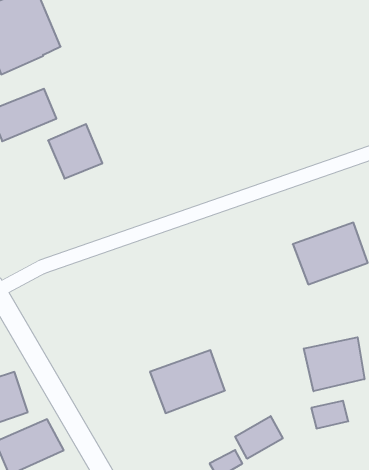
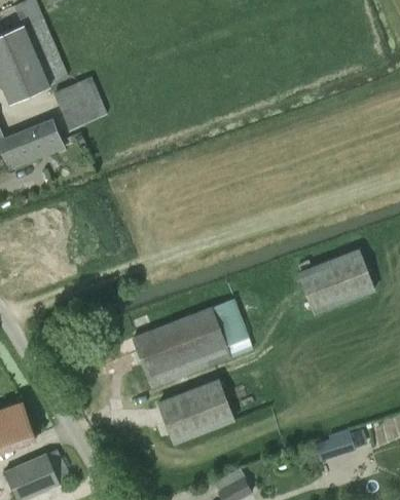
building: [48,124,102,179] -> [52,76,107,130]
building: none -> [133,300,245,387]
building: [304,337,364,391] -> none
building: [235,416,283,459] -> none

